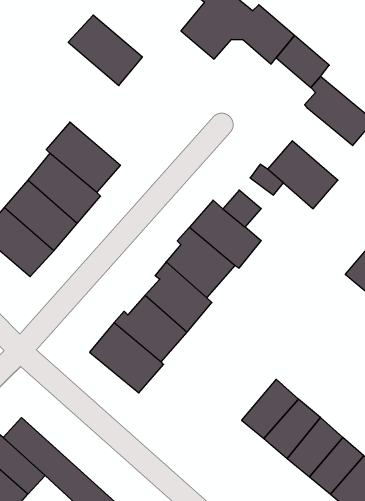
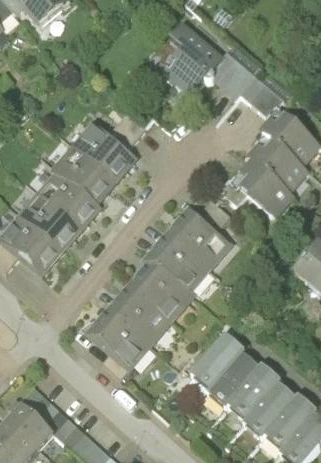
building: [68,15,142,86] -> [74,125,134,182]
building: none -> [251,135,305,190]
building: none -> [194,339,241,388]

